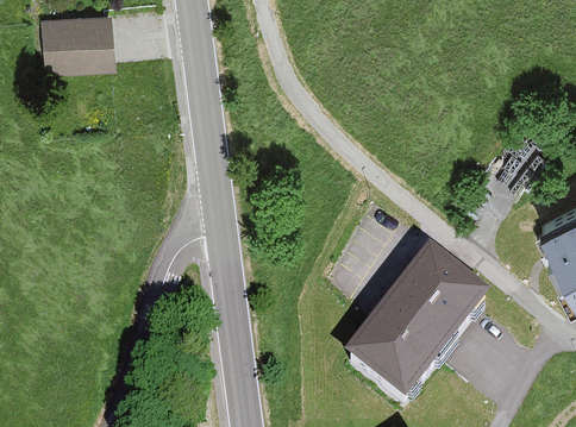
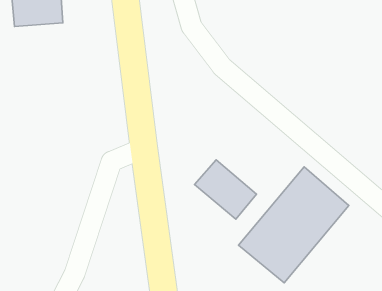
building: none -> [194,160,257,219]

